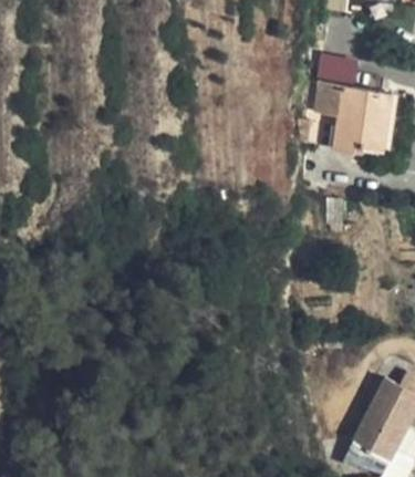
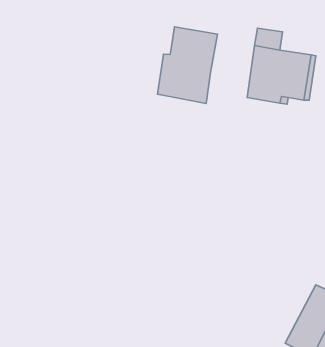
building: none -> [157,27,217,104]

